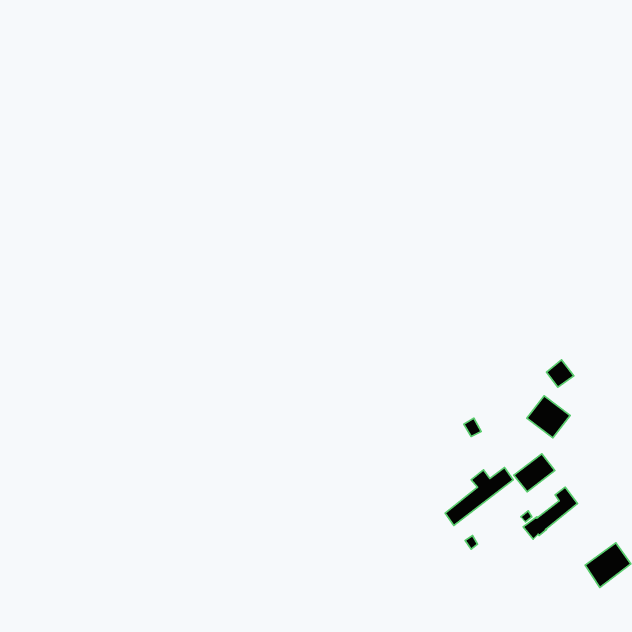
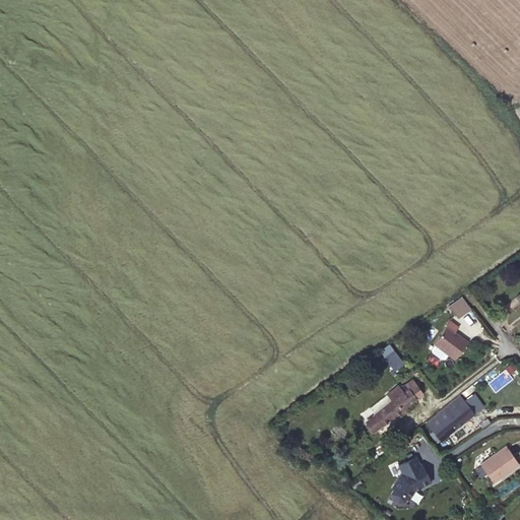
building: [514,454,555,492] -> none
building: none -> [391,457,430,504]

